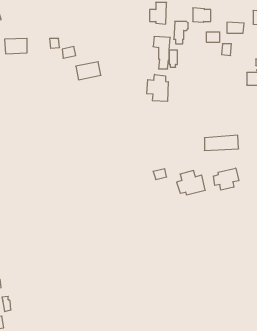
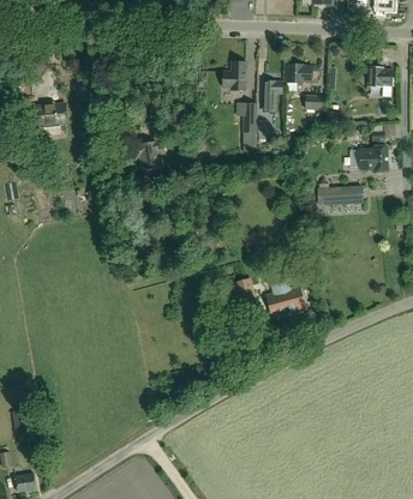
building: [147,74,168,101] -> none
building: [204,135,239,150] -> [318,187,364,208]
building: [213,168,239,190] -> none

